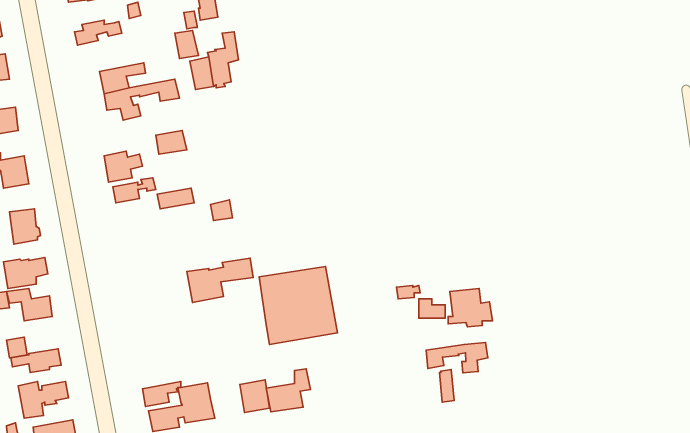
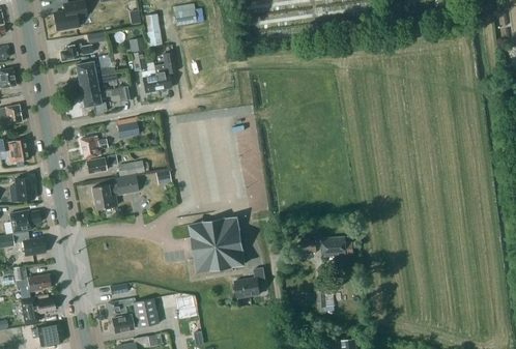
building: none -> [75,60,115,80]
building: [187,258,253,302] -> [91,178,138,209]
building: [426,342,488,373] -> none
building: [266,369,311,412] -> [234,267,265,297]

